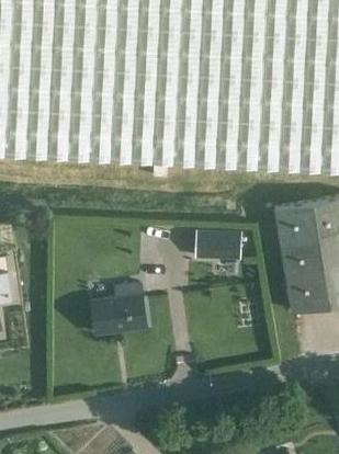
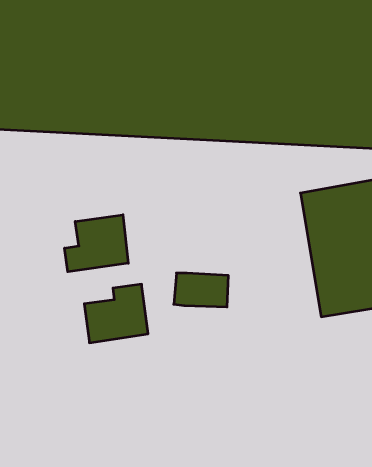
building: none -> [65,215,128,272]
building: [195,231,241,260] -> [174,273,228,307]

